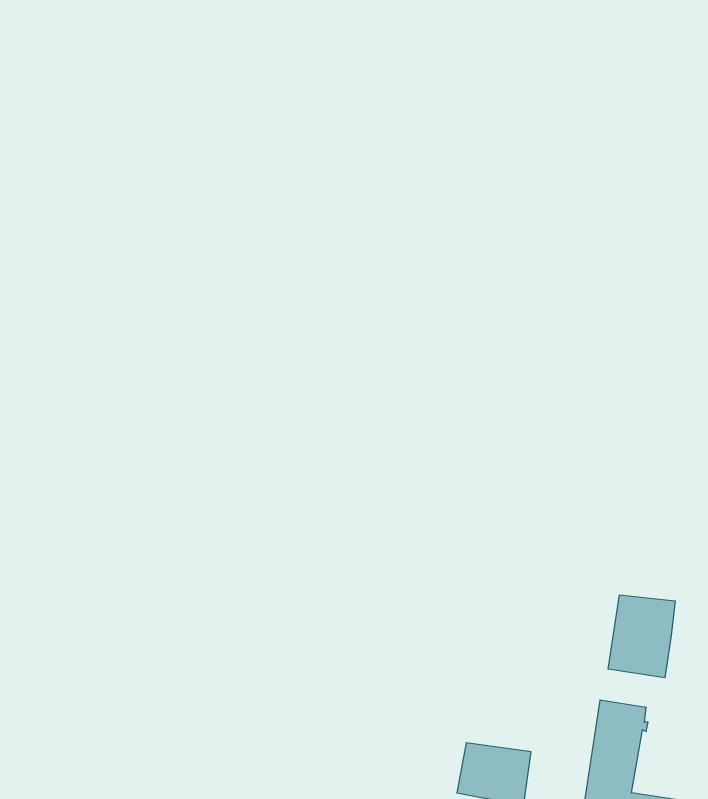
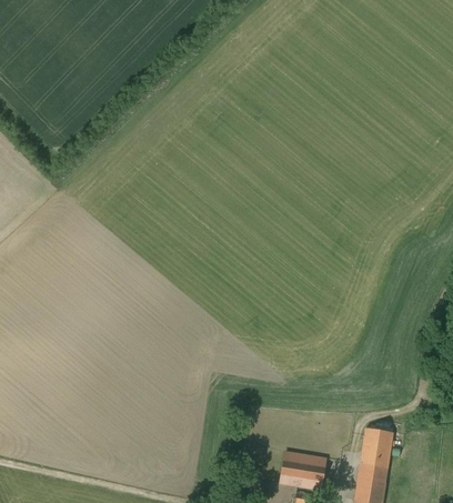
building: [608,595,675,678] -> none

